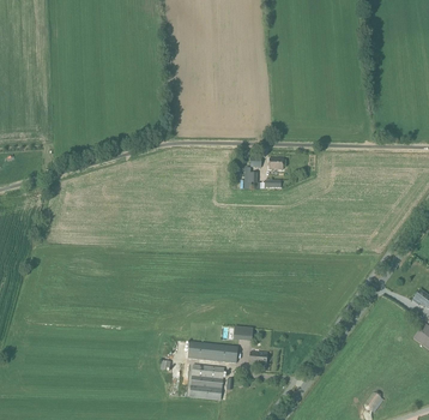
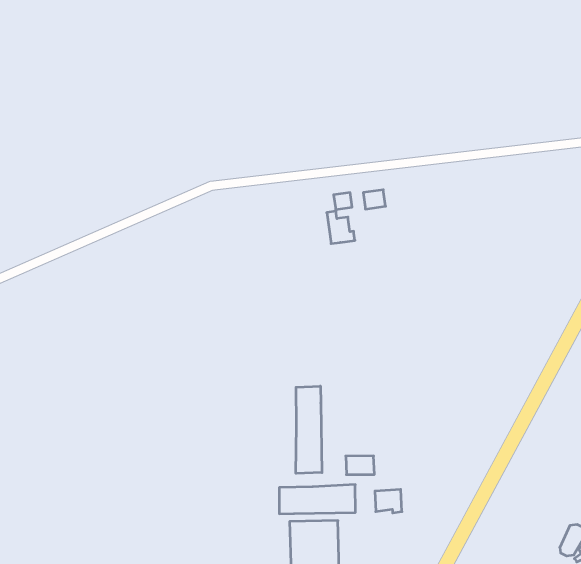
building: none -> [296,386,322,473]

